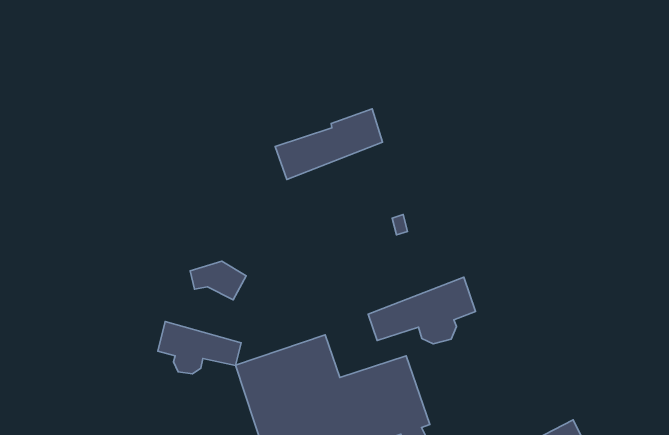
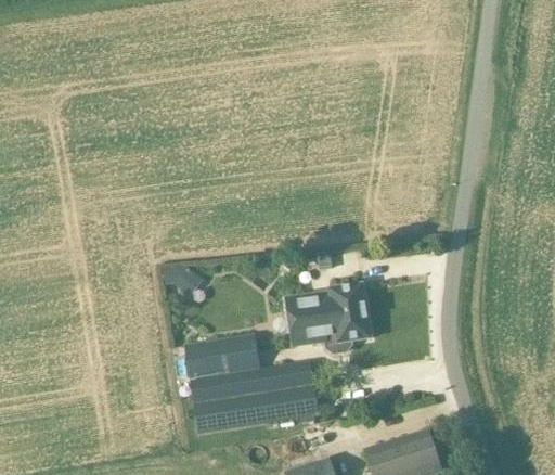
building: [275,109,382,179] -> [285,283,365,324]
building: [158,321,241,374] -> none

